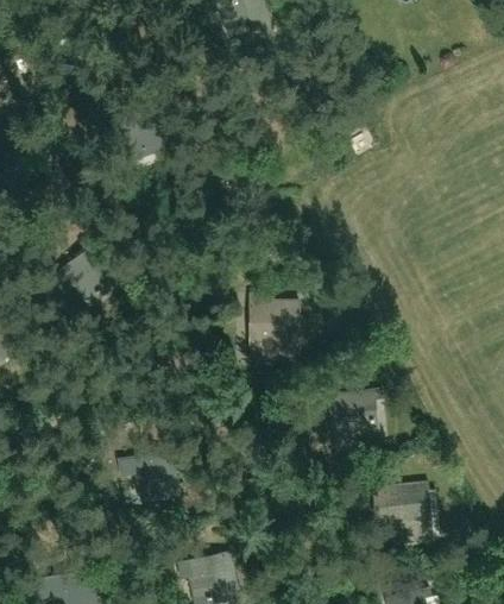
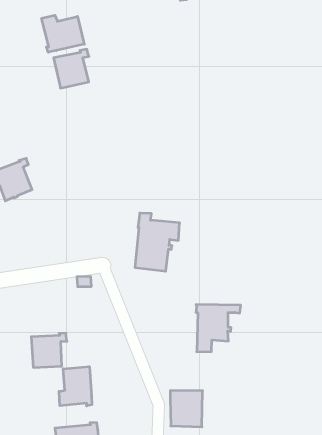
building: none -> [42,15,84,52]
building: [384,480,428,528] -> [170,391,203,427]
building: none -> [59,367,92,406]

